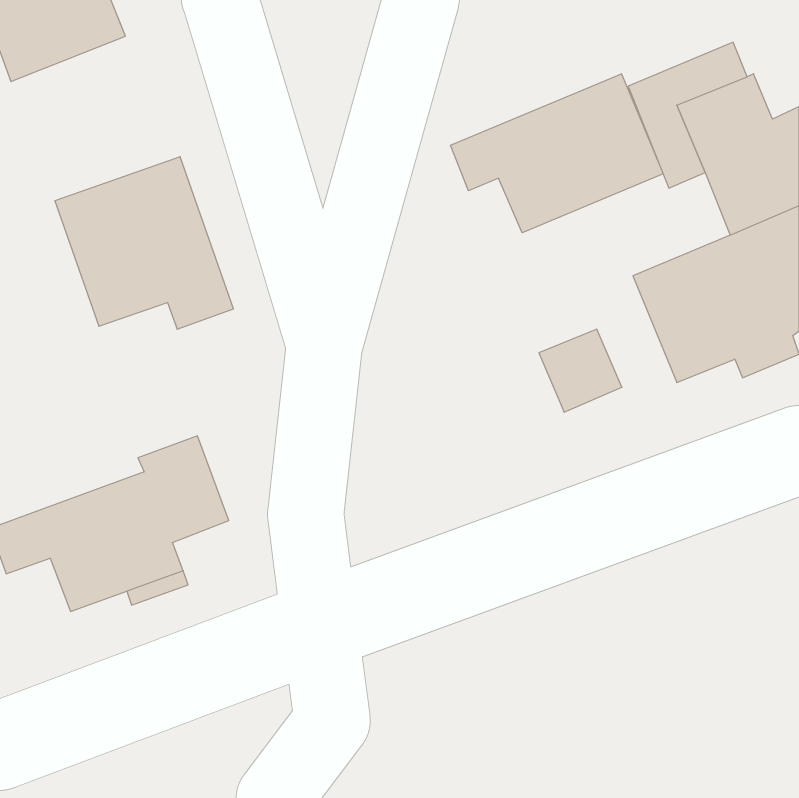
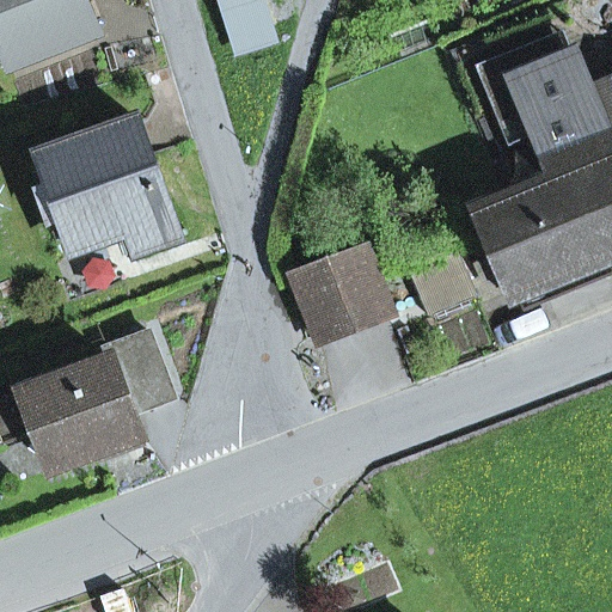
building: [450,74,663,233] -> none
building: none -> [295,247,391,341]

